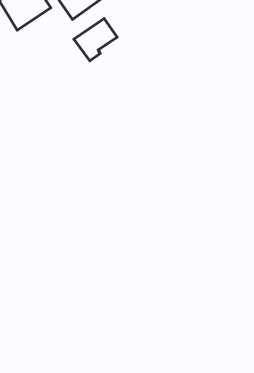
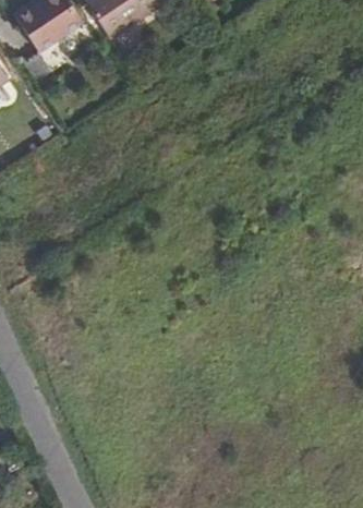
building: [74,18,117,61] -> none

